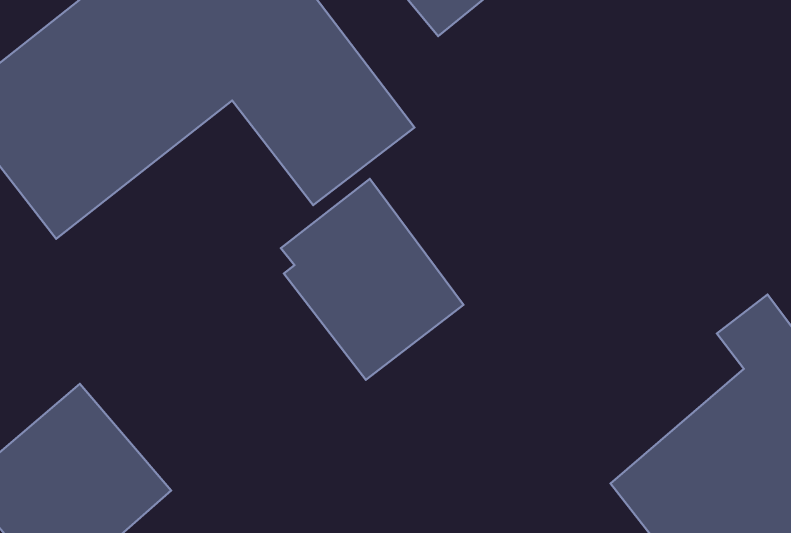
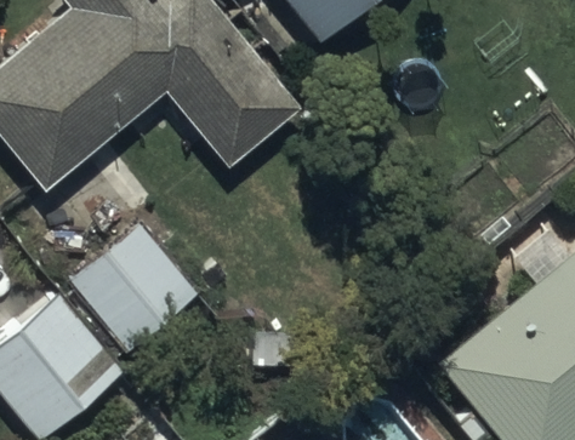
building: [281,179,464,380] -> none
building: none -> [68,222,200,354]

